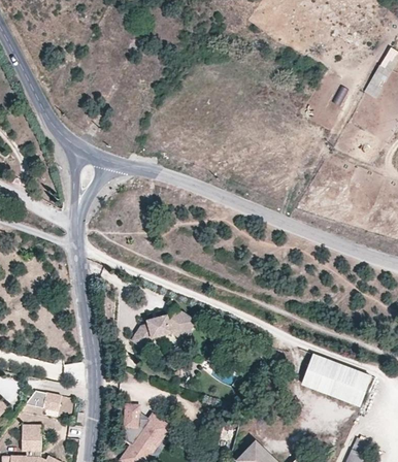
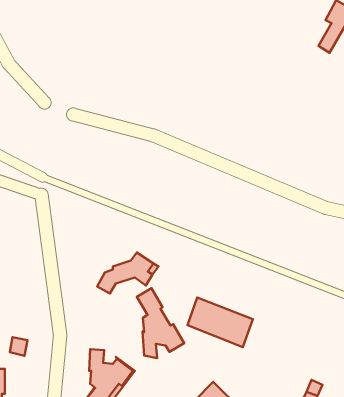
building: none -> [137,288,184,358]
building: [301,354,369,405] -> [187,297,253,347]

